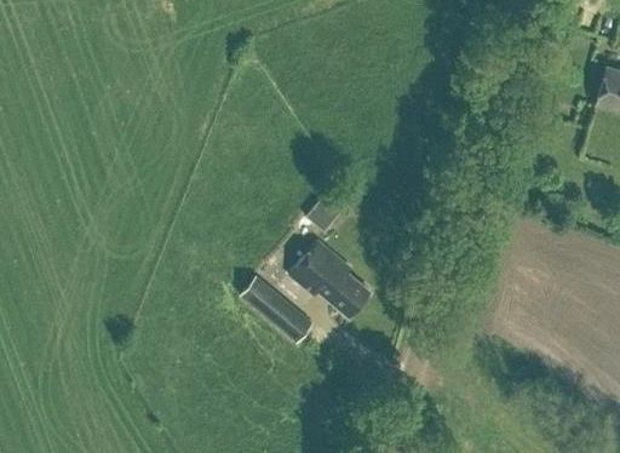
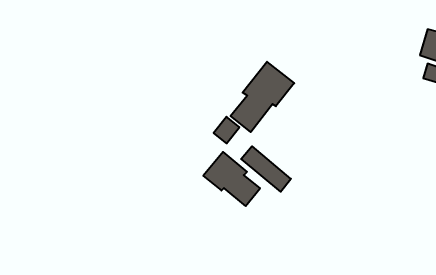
building: none -> [231,62,294,132]
building: [242,277,312,342] -> [241,146,291,192]

